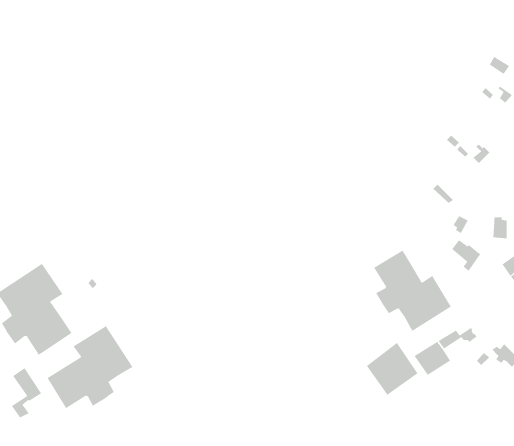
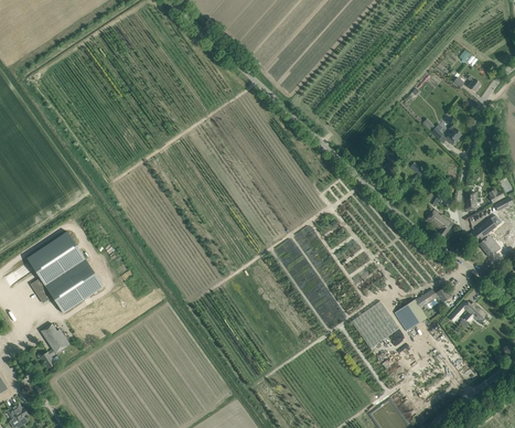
building: [373,250,452,332] -> none
building: [46,325,133,409] -> none

